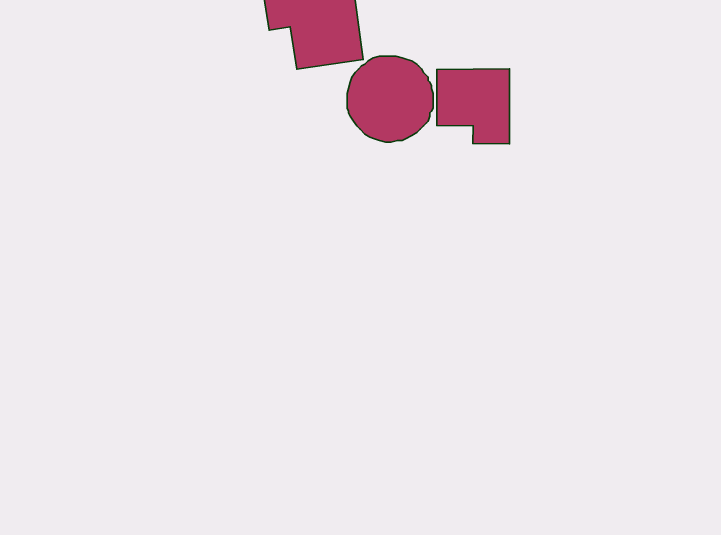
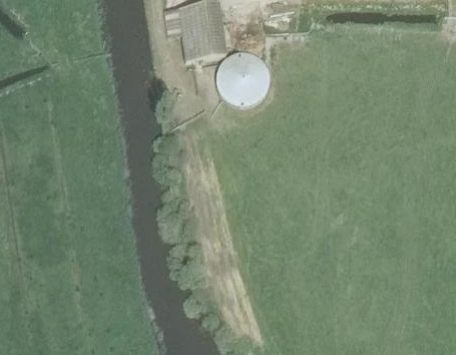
building: [437,69,509,144] -> none

